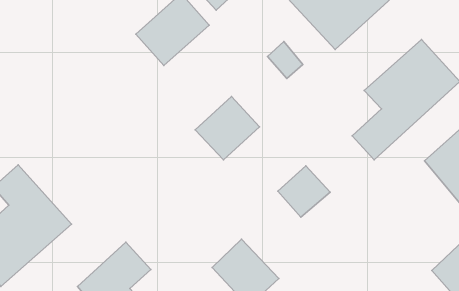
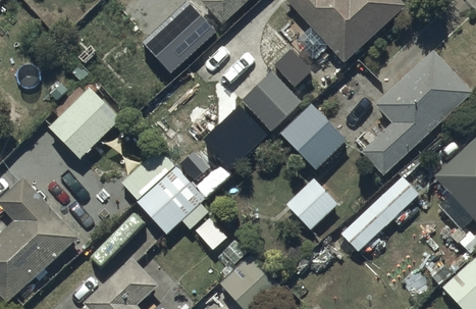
building: none -> [241,72,300,132]
building: none -> [51,89,123,161]
building: none -> [281,103,346,168]
building: none -> [120,148,209,234]
building: none -> [340,176,418,257]

